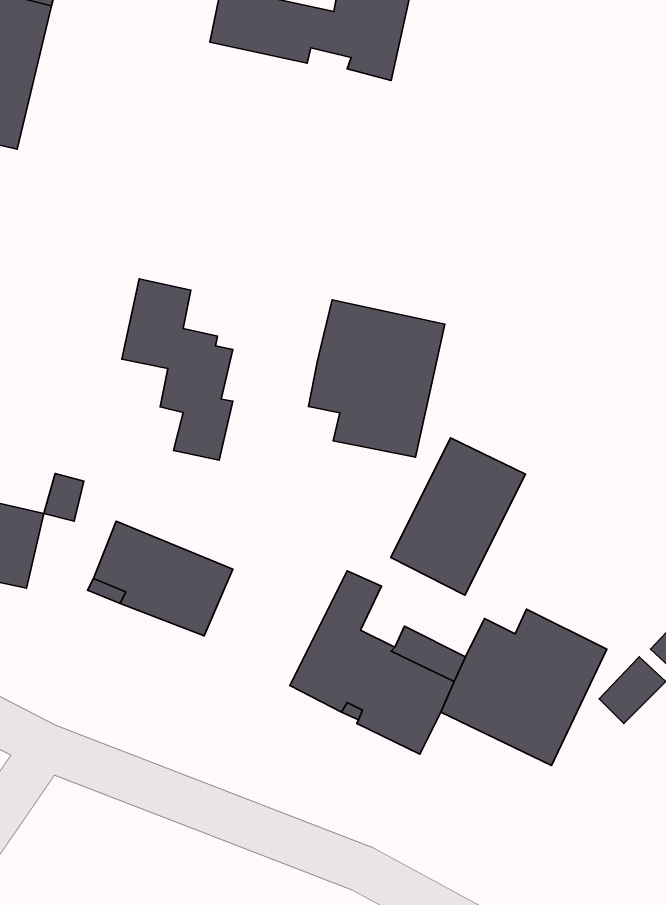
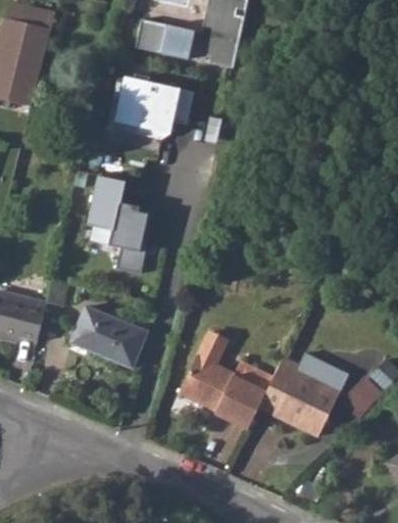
building: none -> [115,79,194,140]
building: [308,300,445,457] -> none
building: [391,438,526,595] -> none

